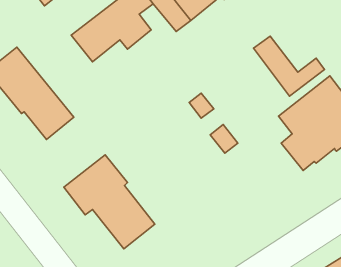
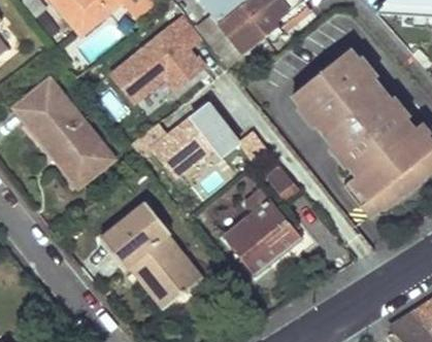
building: none -> [332,52,384,108]
building: none -> [294,81,399,158]
building: none -> [151,100,237,174]
building: none -> [225,192,300,276]

